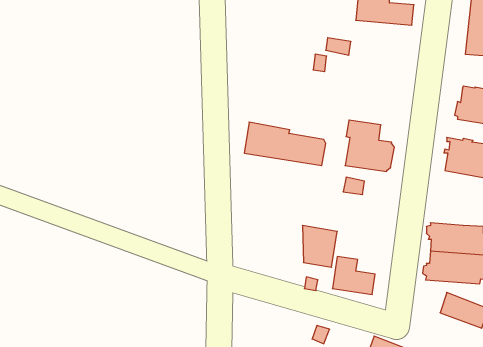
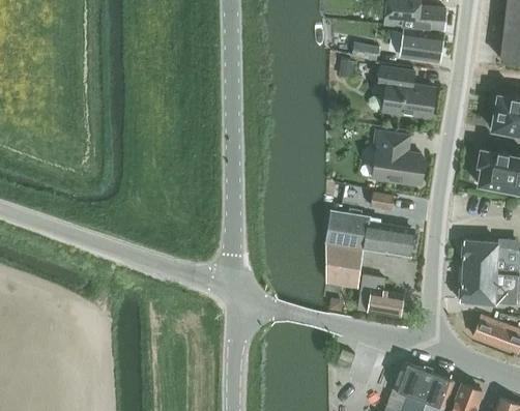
building: none -> [400,30,442,61]
building: none -> [378,66,435,119]
building: [244,122,326,166] -> [326,210,413,257]

